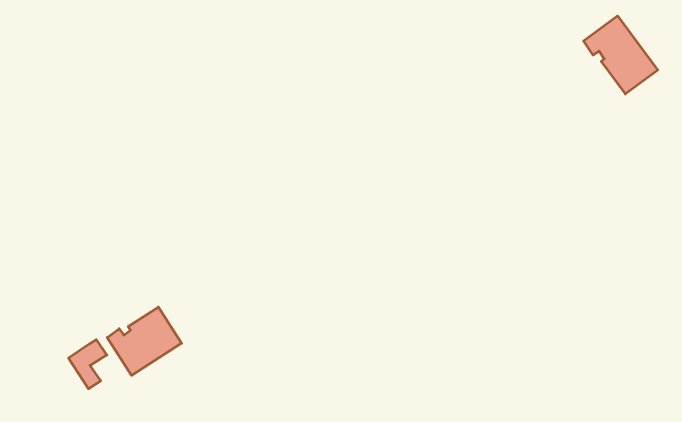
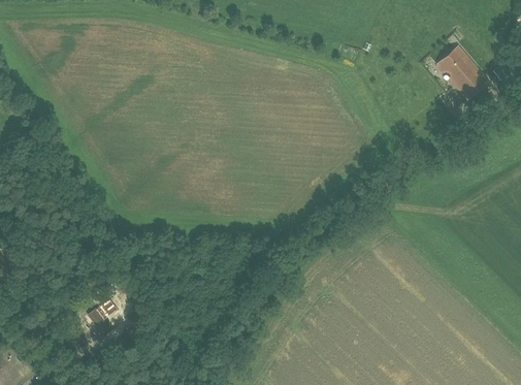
building: [107,307,182,375] -> none

